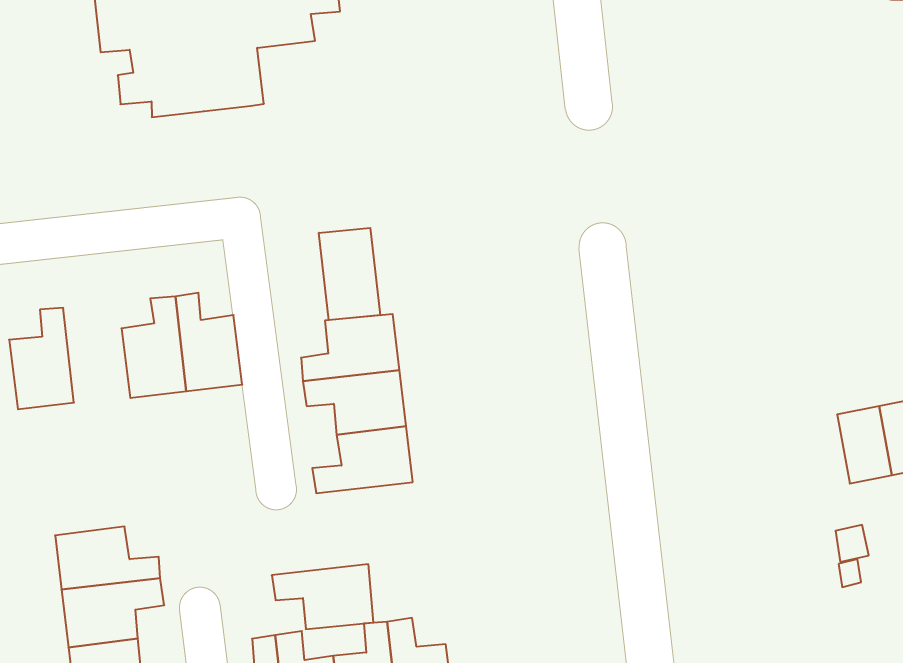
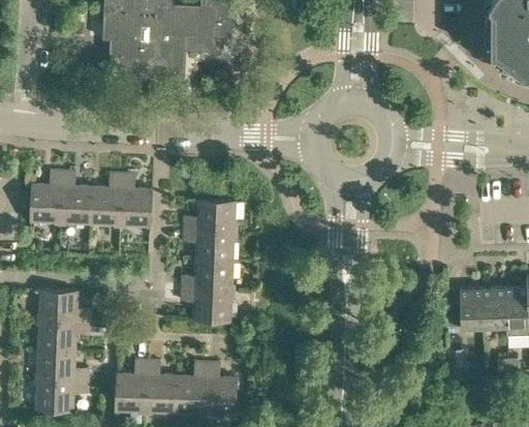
building: [319,228,380,320] -> none
building: none -> [60,172,91,224]
building: [272,564,374,629] -> [180,289,231,323]

